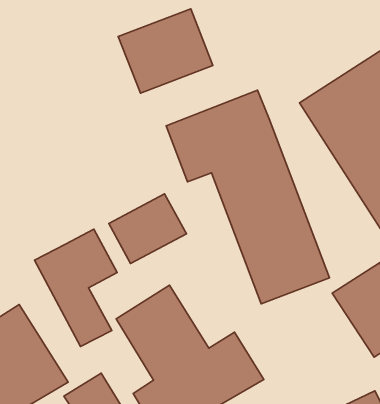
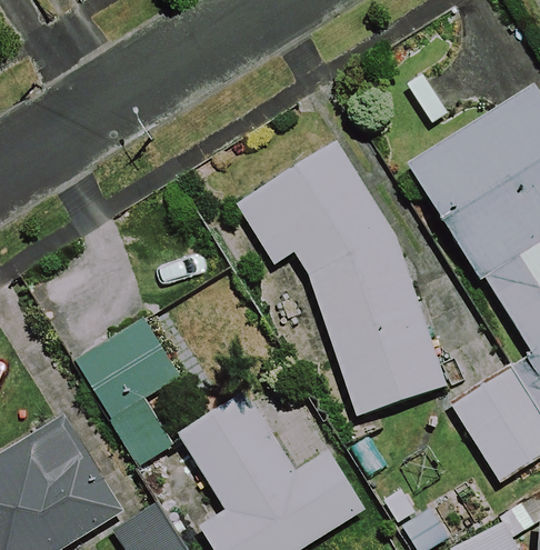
building: [118,9,213,93] -> none
building: [109,194,186,264] -> none

